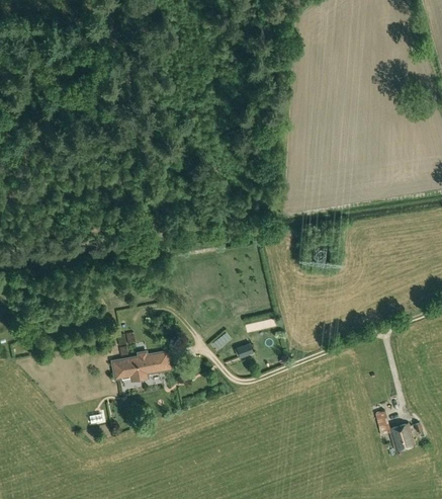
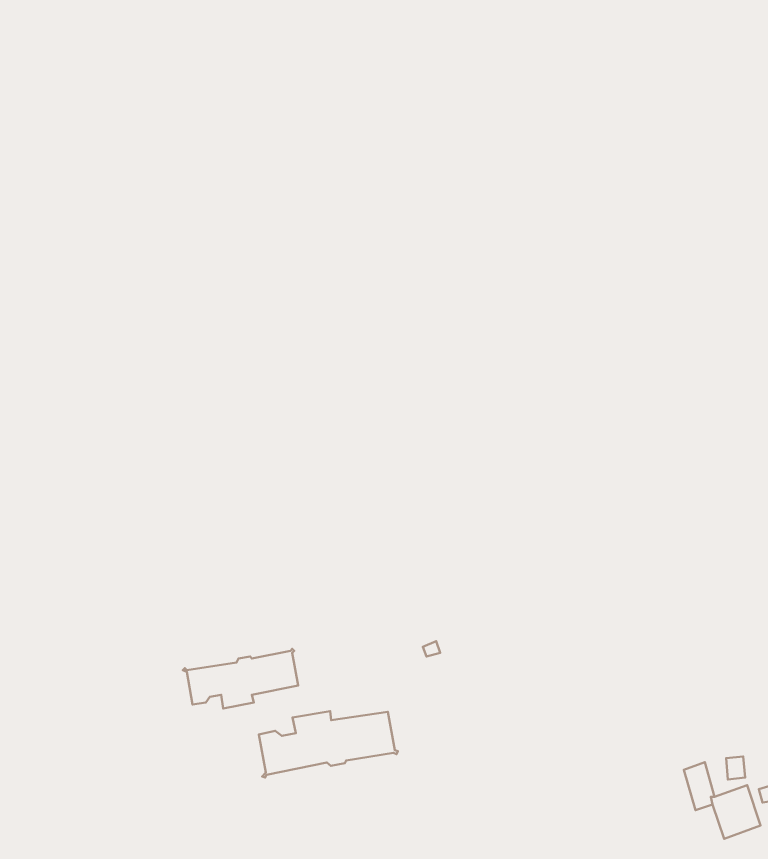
building: none -> [259,711,398,778]

